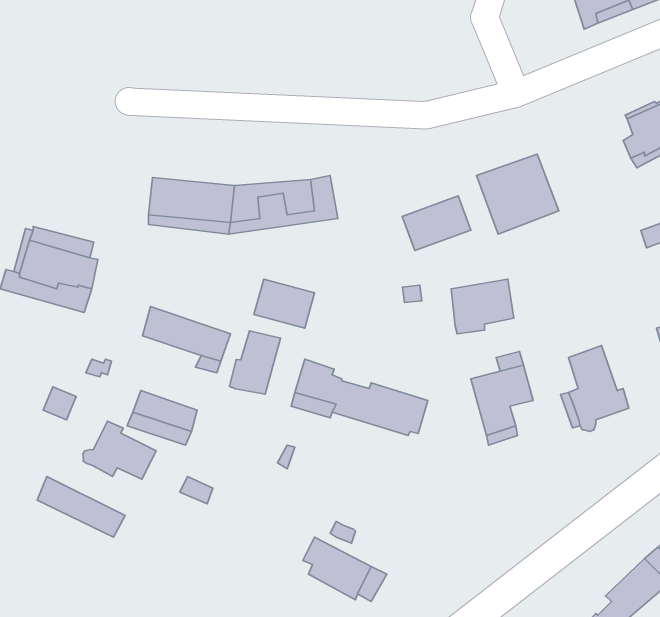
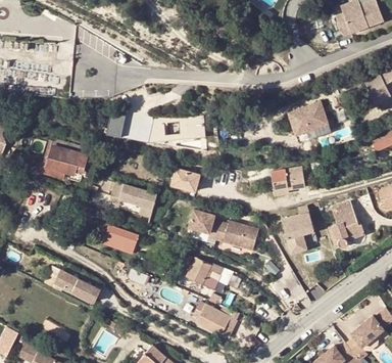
building: [402,196,471,251] -> none
building: [230,331,280,394] -> none
building: [83,421,156,479] -> none
building: none -> [187,258,218,289]

